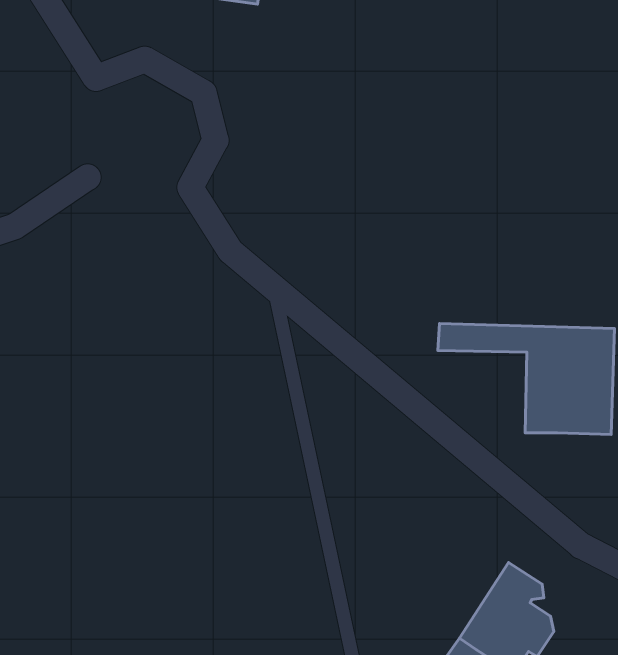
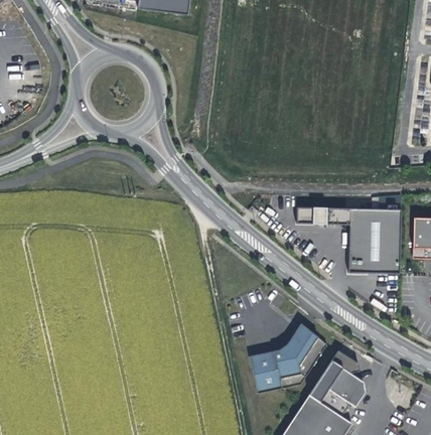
building: none -> [250,322,327,392]

